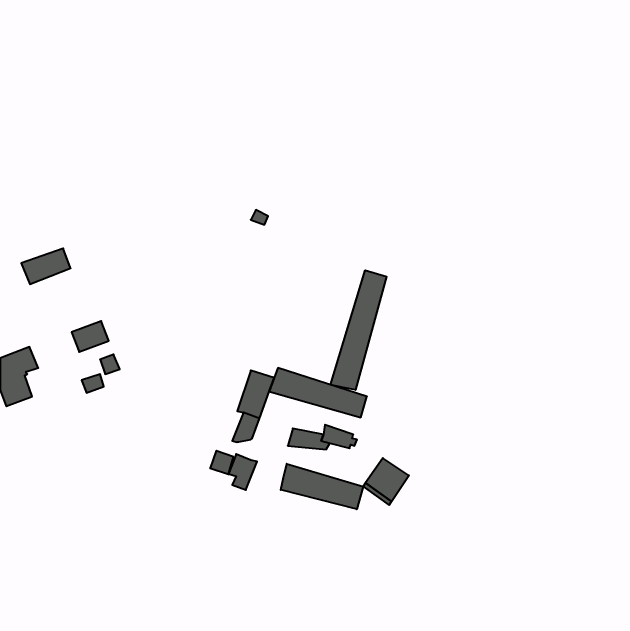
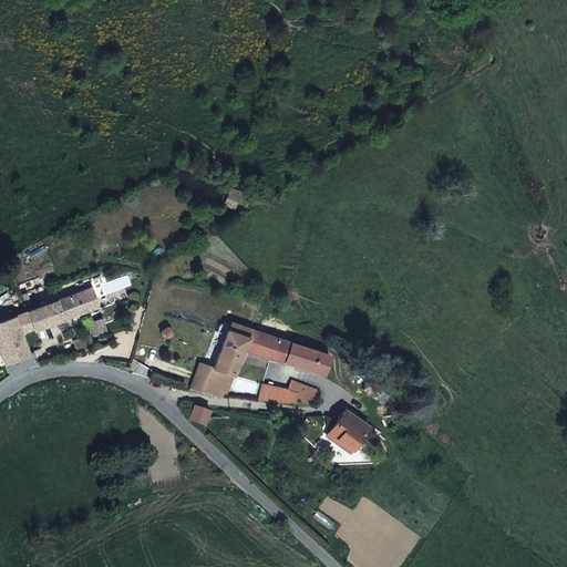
building: [21,248,71,284] -> [28,298,72,330]
building: [331,270,387,390] -> none
building: [229,454,257,490] -> [194,363,219,395]
building: [281,464,363,509] -> none

